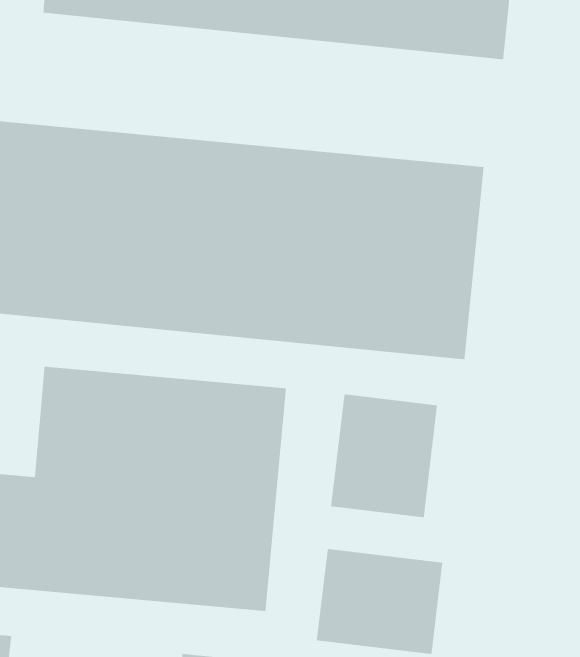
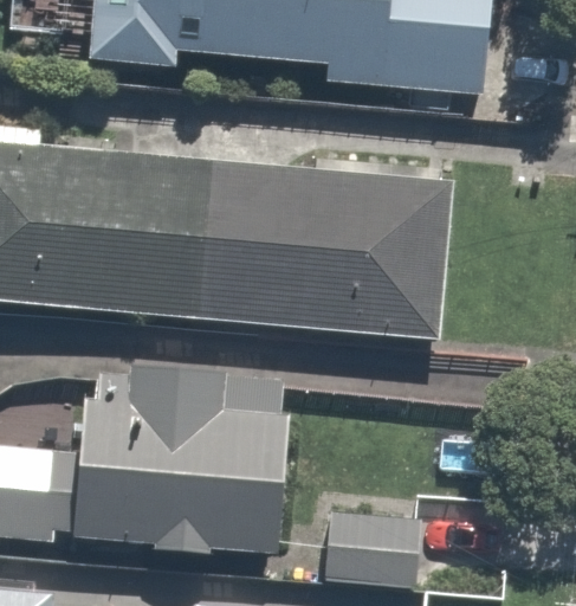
building: [330,394,438,518] -> none

